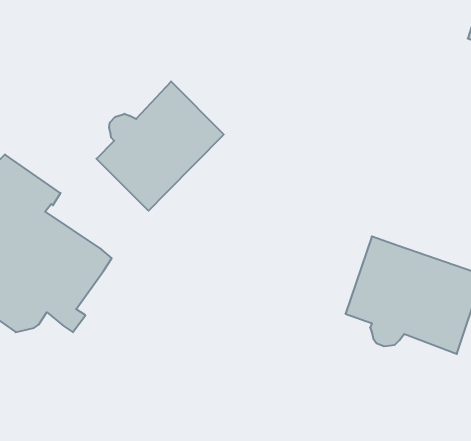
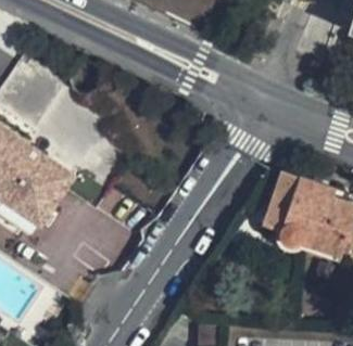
building: [96,81,224,211] -> none

